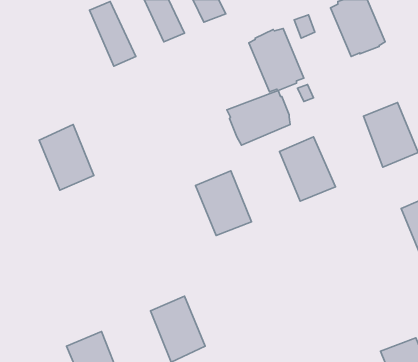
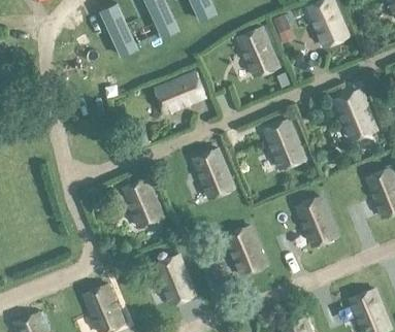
building: [227,90,290,145] -> [152,70,205,117]
building: [39,124,94,190] -> [119,174,165,230]
building: none -> [292,194,338,248]
building: none -> [221,223,268,277]

